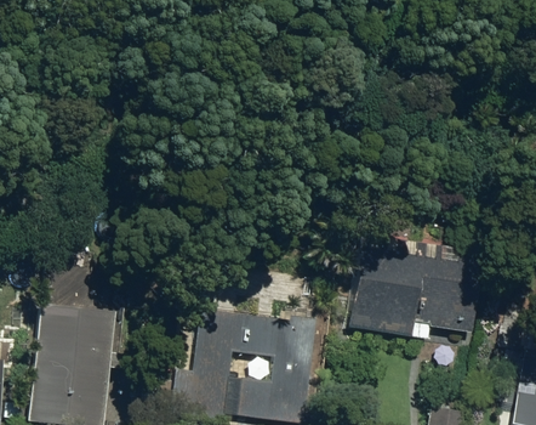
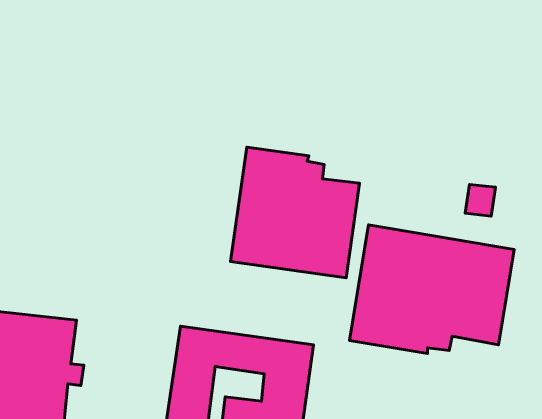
building: none -> [230,147,360,278]

